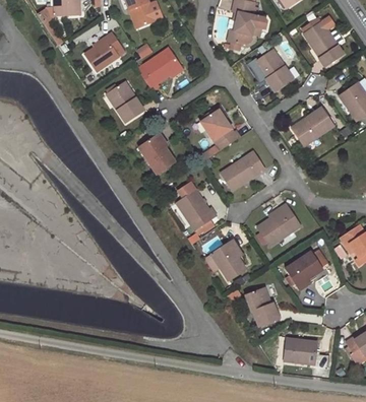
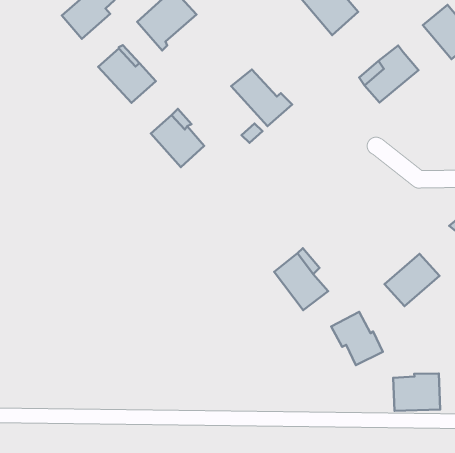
building: [220,150,263,190] -> none
building: [178,192,215,229] -> none
building: [260,205,306,249] -> none

